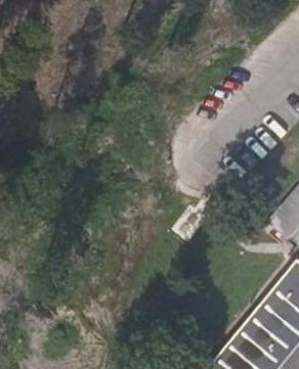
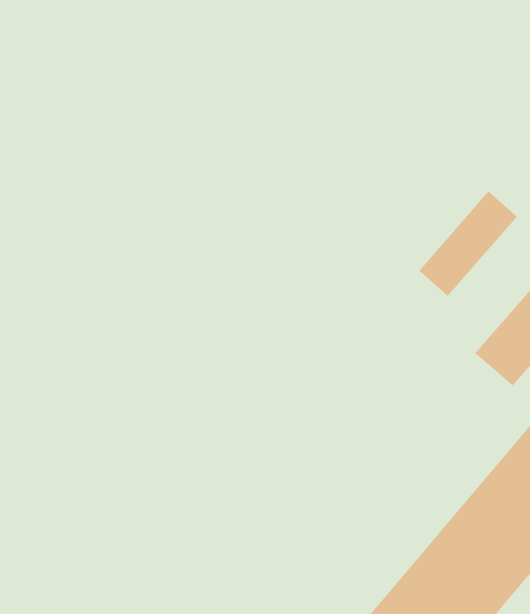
building: none -> [418,191,518,297]

